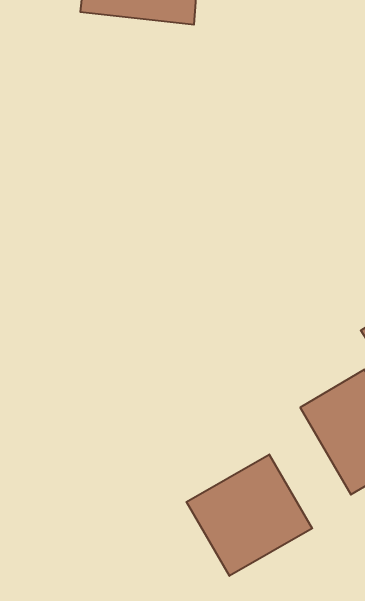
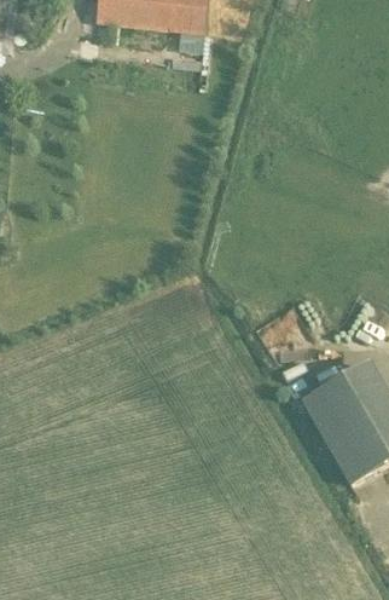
building: [186,454,312,576] -> none

